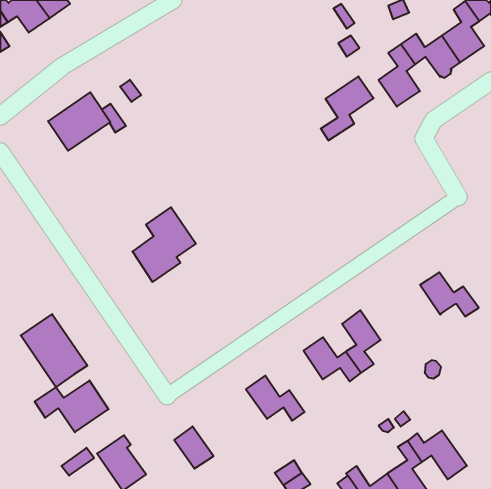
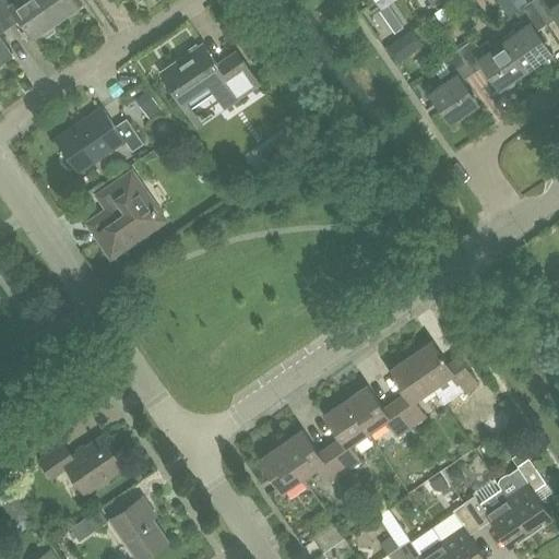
building: none -> [159,44,258,128]
building: [321,76,374,141] -> none
building: [132,207,196,282] -> [87,174,159,259]
building: [420,272,479,316] -> [409,341,476,391]
building: [21,314,87,387] -> none
building: none -> [323,401,367,471]
building: none -> [498,460,551,532]
building: [174,426,214,469] -> [259,444,304,492]

